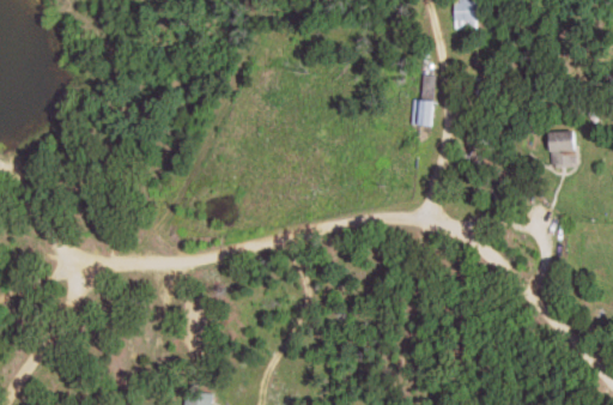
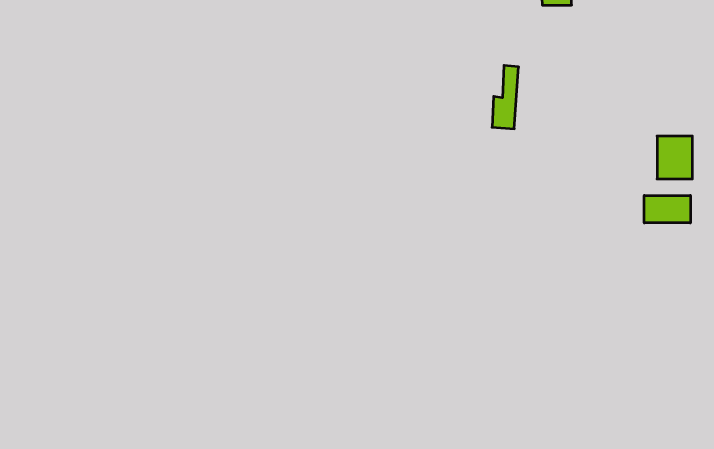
building: none -> [644,195,690,223]

